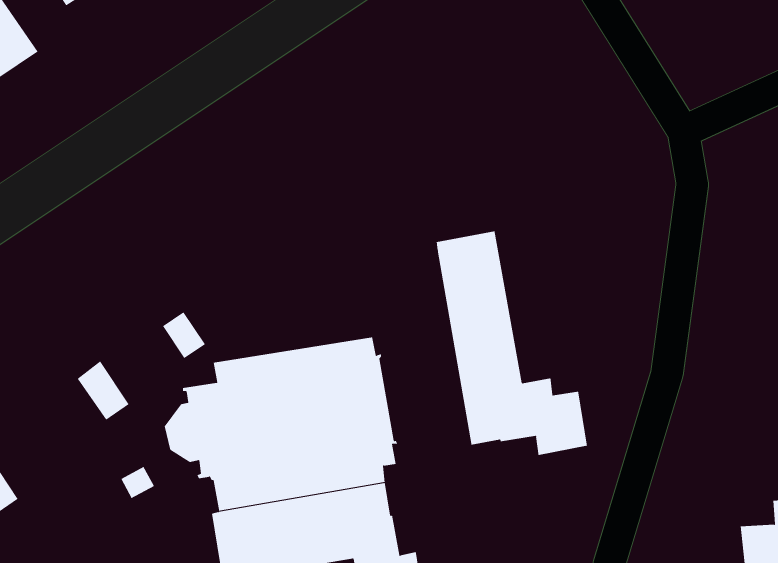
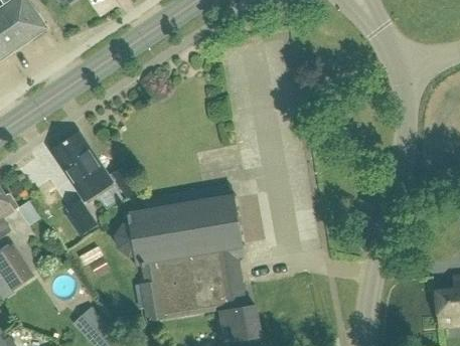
building: [436,230,587,456] -> none
building: none -> [49,134,113,200]

